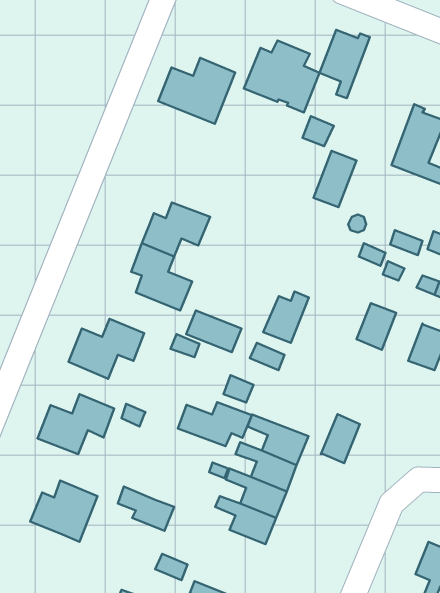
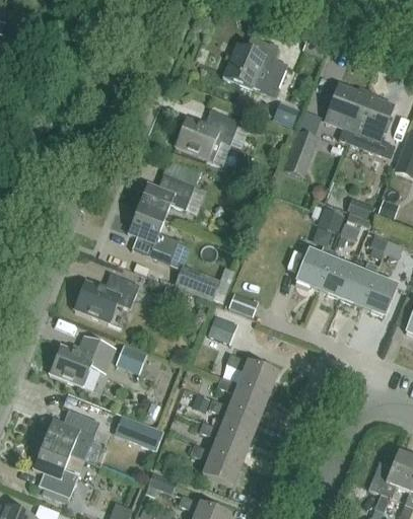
building: [319,30,370,98] -> [325,84,367,142]
building: [158,58,235,124] -> [175,108,239,164]
building: [263,291,309,343] -> [295,245,334,289]
building: none -> [340,262,380,307]
building: [178,402,252,446] -> none
building: [321,414,360,463] -> none
building: none -> [32,443,79,498]
building: none -> [190,443,242,486]

